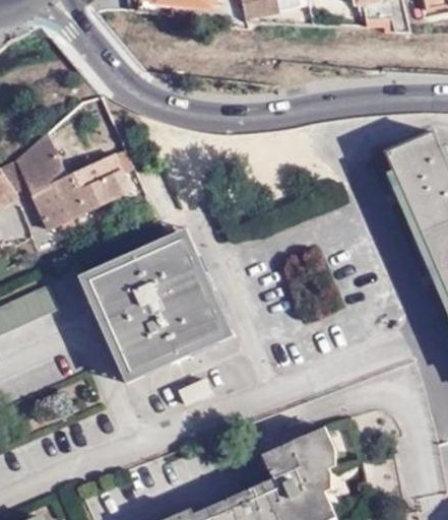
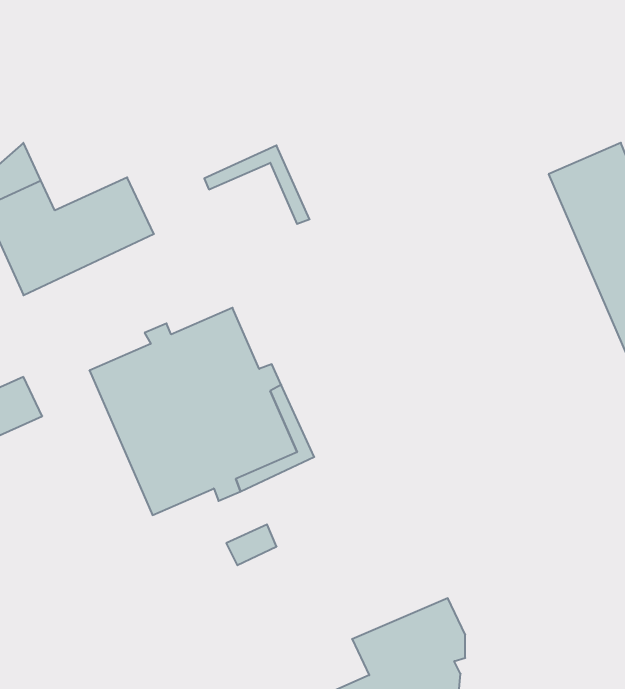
building: [138,229,206,279] -> [204,145,310,224]
building: [77,256,172,385] -> none

